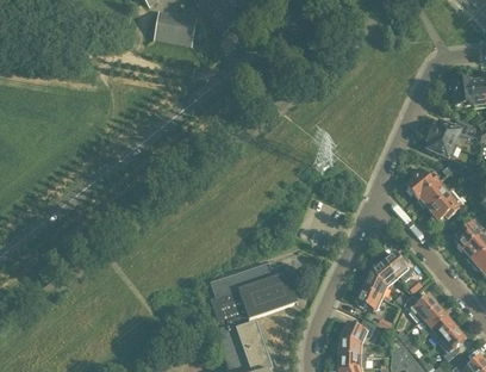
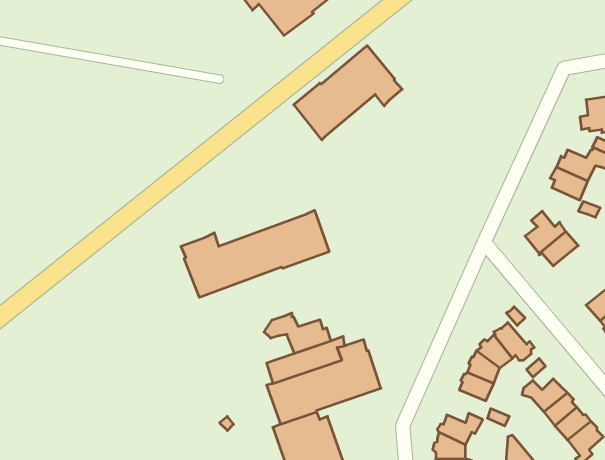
building: [156,13,197,44] -> none
building: none -> [294,46,402,140]
building: none -> [181,210,329,297]
building: [429,192,463,222] -> none
building: none -> [264,313,331,354]

